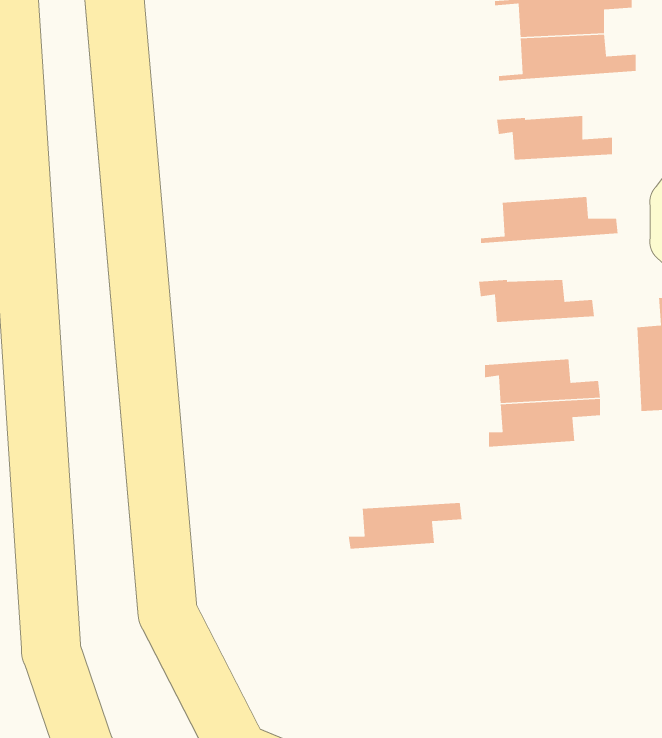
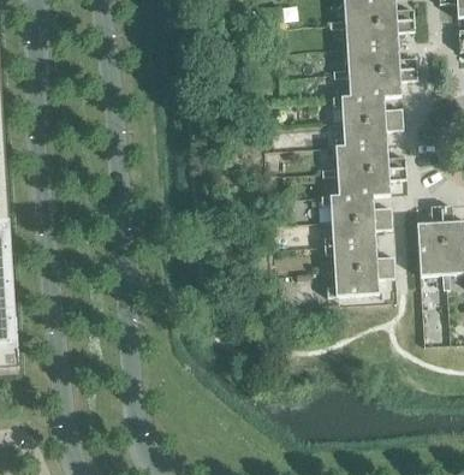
building: none -> [332,66,417,95]
building: none -> [334,117,403,146]
building: none -> [321,165,405,194]
building: [348,502,463,550] -> [322,215,392,244]

